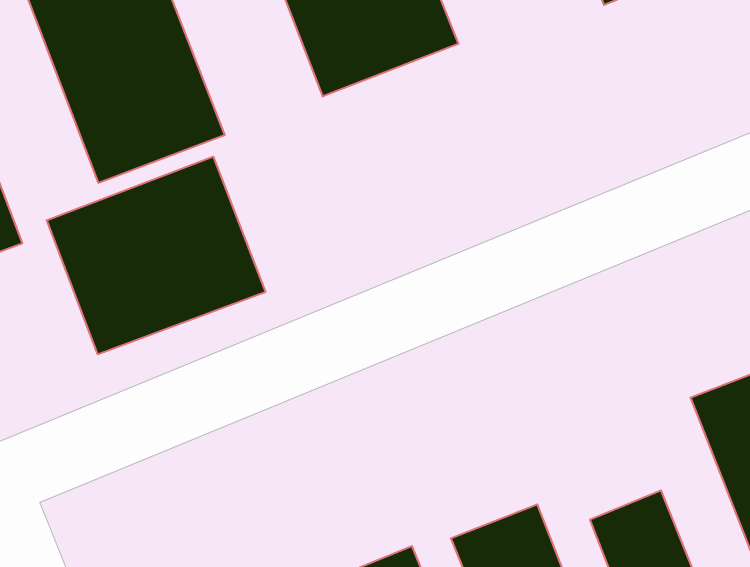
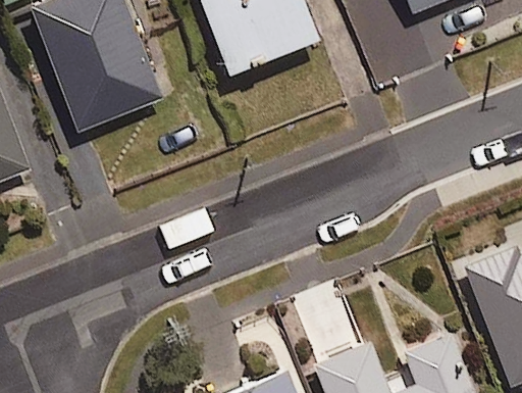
building: [47,157,265,354] -> none

